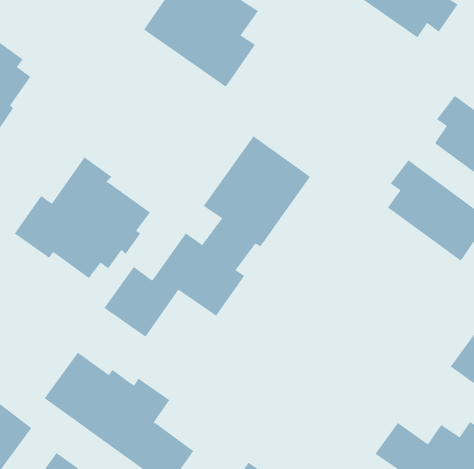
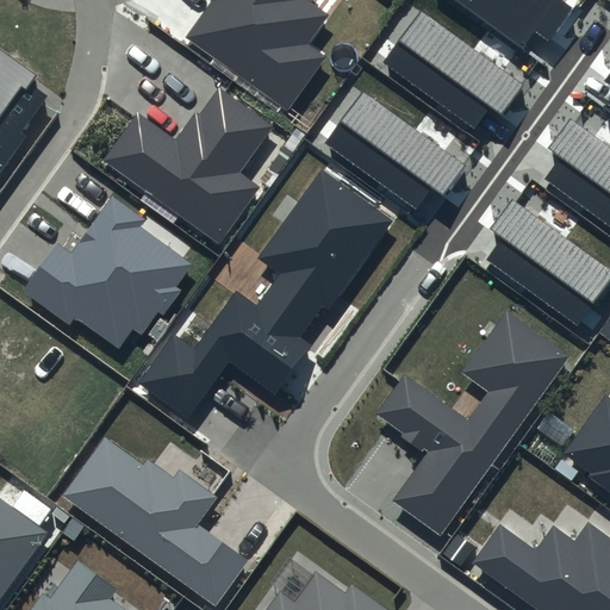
building: none -> [382,10,524,129]
building: none -> [105,87,273,243]
building: none -> [324,92,465,210]
building: none -> [376,311,569,536]

